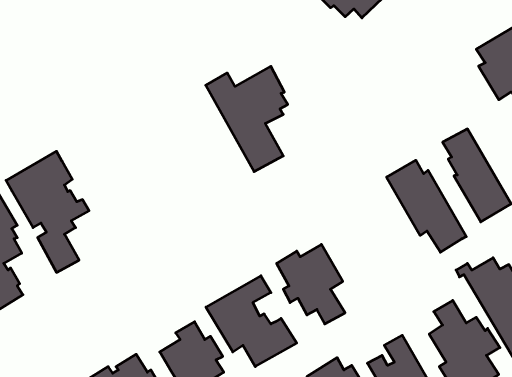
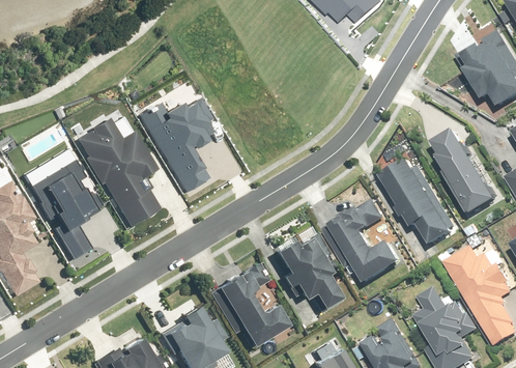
building: [206,66,288,172] -> [141,95,217,193]
building: none -> [78,116,162,224]
building: none -> [320,199,395,284]

